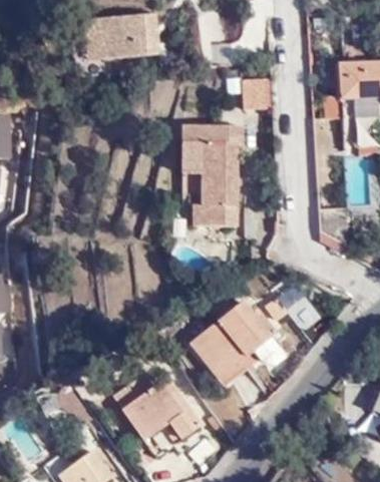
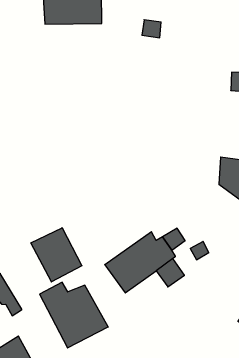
building: [242,80,273,112] -> none
building: [181,128,243,227] -> none
building: none -> [31,228,82,282]

